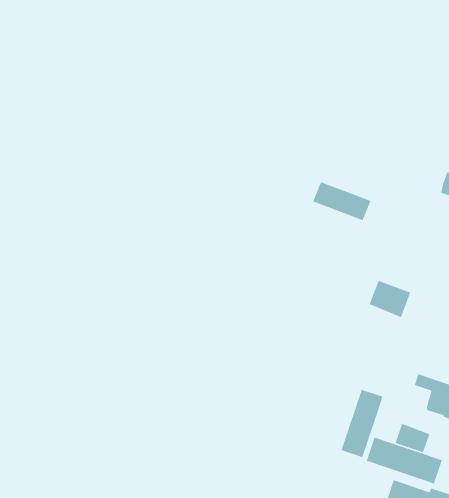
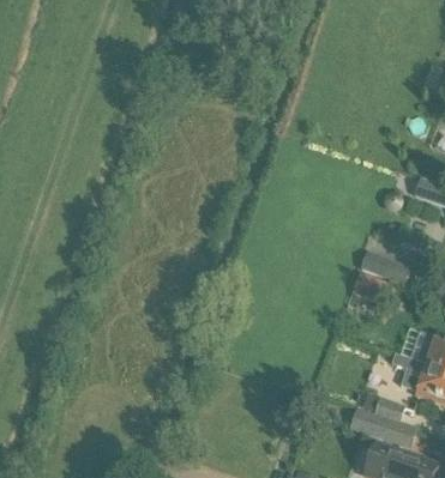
building: [312,181,371,221] -> [361,250,413,285]
building: [341,389,383,458] -> none

